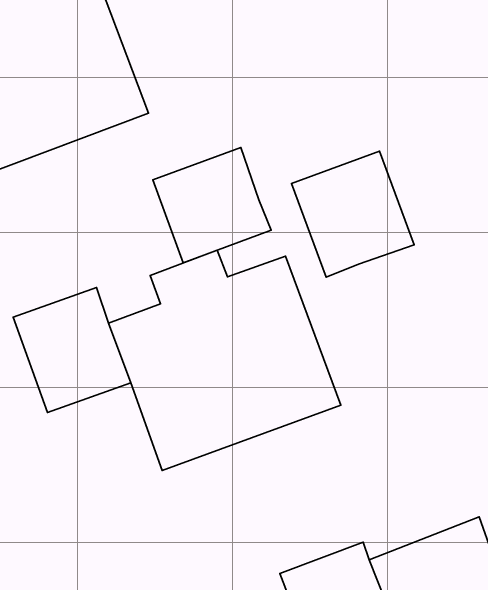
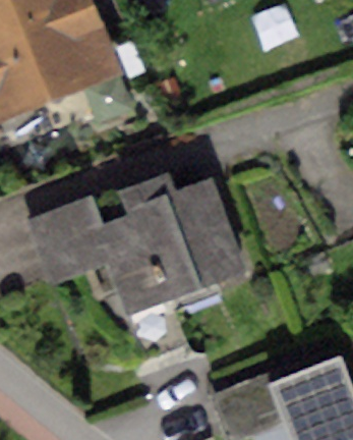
building: [153,148,271,263] -> none
building: [291,151,414,277] -> none

